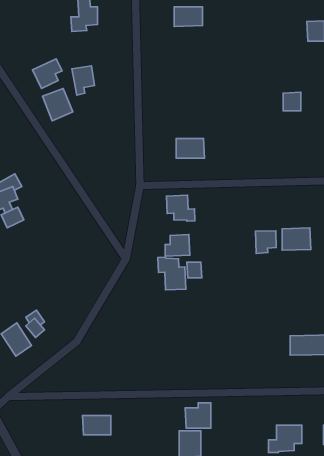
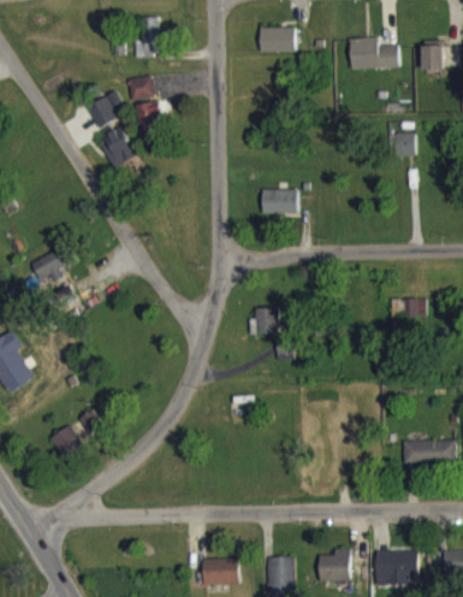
building: none -> [351,46,400,77]
building: none -> [129,84,156,108]
building: [167,195,195,221] -> none
building: [255,231,276,253] -> none
building: [158,257,186,290] -> none
building: [185,403,211,428] -> [319,546,350,578]
building: [82,415,111,435] -> [202,557,237,581]

